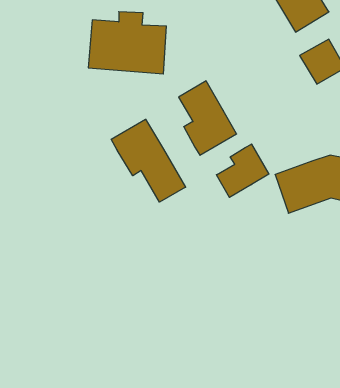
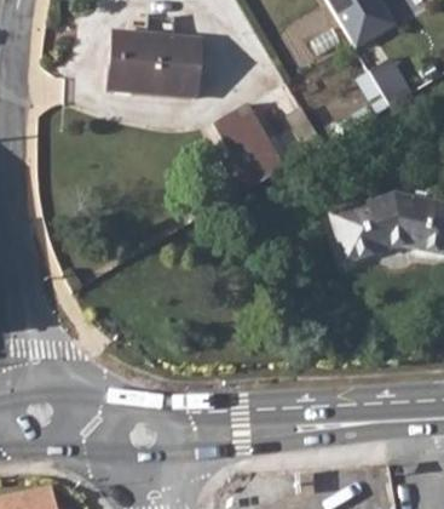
building: [111,119,186,202] -> none
building: [216,144,269,197] -> none

